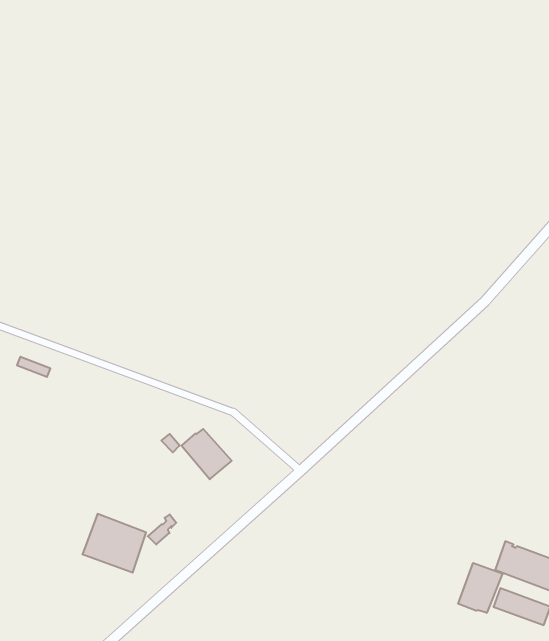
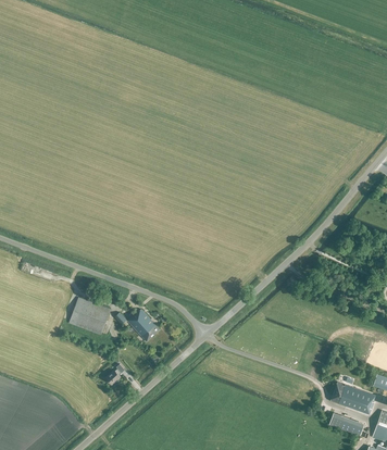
building: [82,514,146,573] -> [68,297,110,335]
building: [458,563,502,613] -> none

